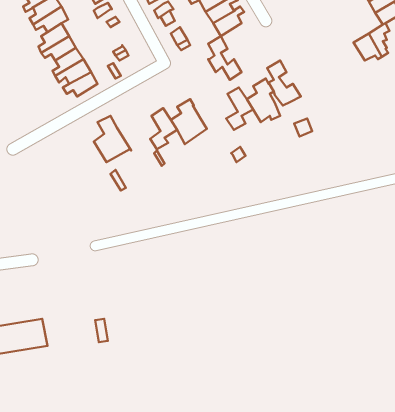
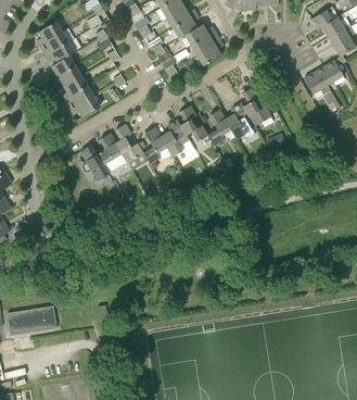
building: [208,36,242,80] -> [180,104,208,141]
building: none -> [304,71,341,109]
building: none -> [115,123,144,162]
building: none -> [80,145,109,180]

